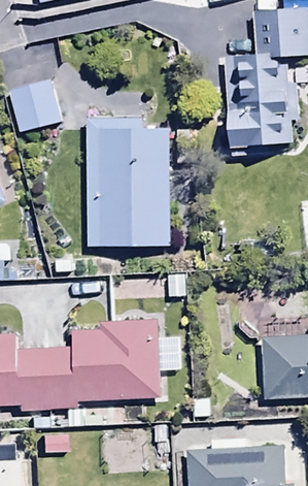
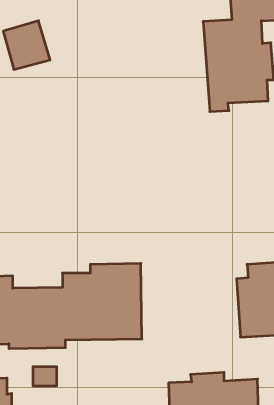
building: [88,103,172,225] -> none

